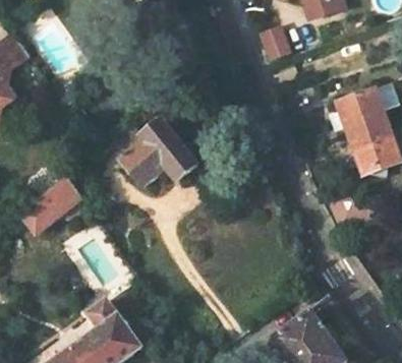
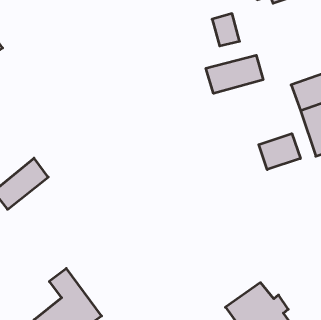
building: none -> [206,55,263,93]
building: [110,121,197,185] -> none
building: none -> [259,134,300,170]

